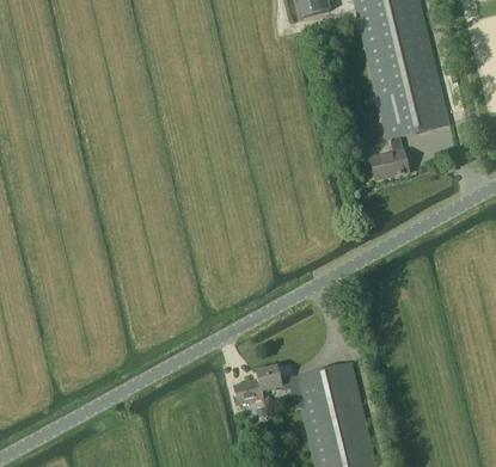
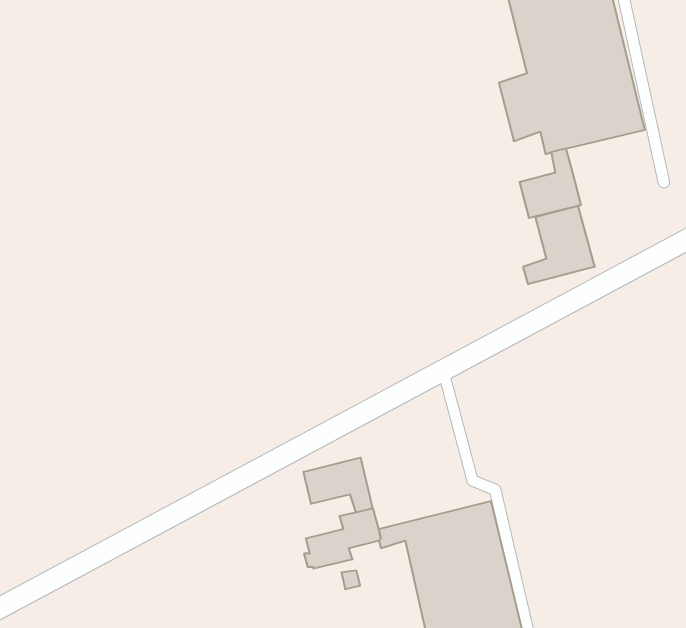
building: none -> [523,206,595,284]
building: none -> [304,458,372,512]

